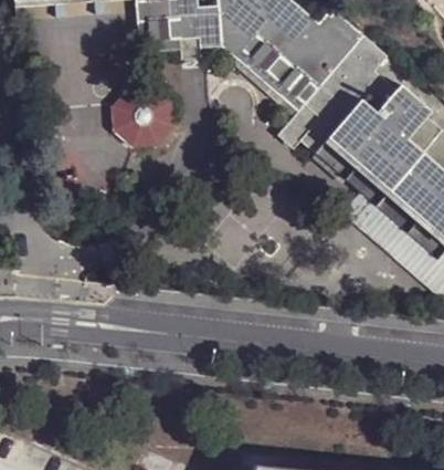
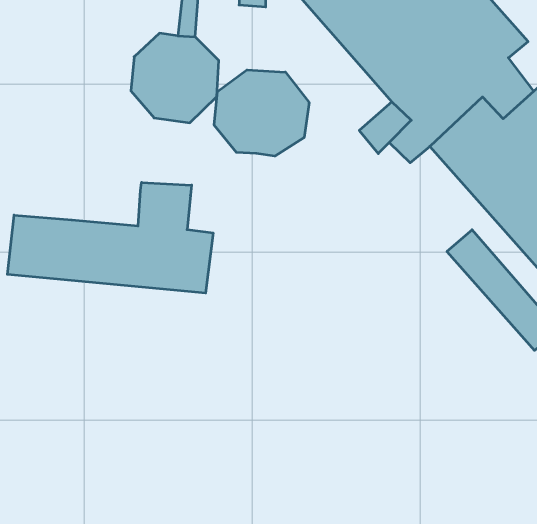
building: none -> [214,70,309,156]
building: none -> [7,182,213,293]

